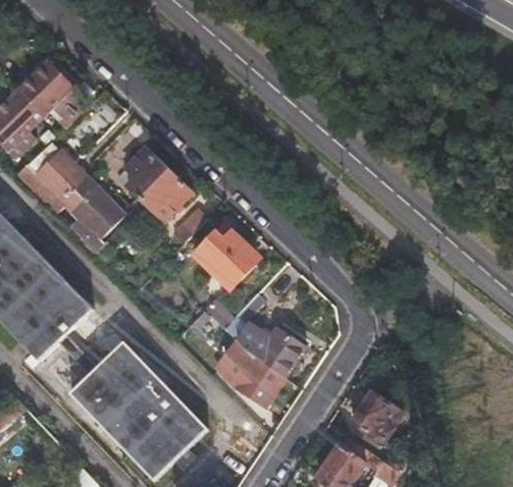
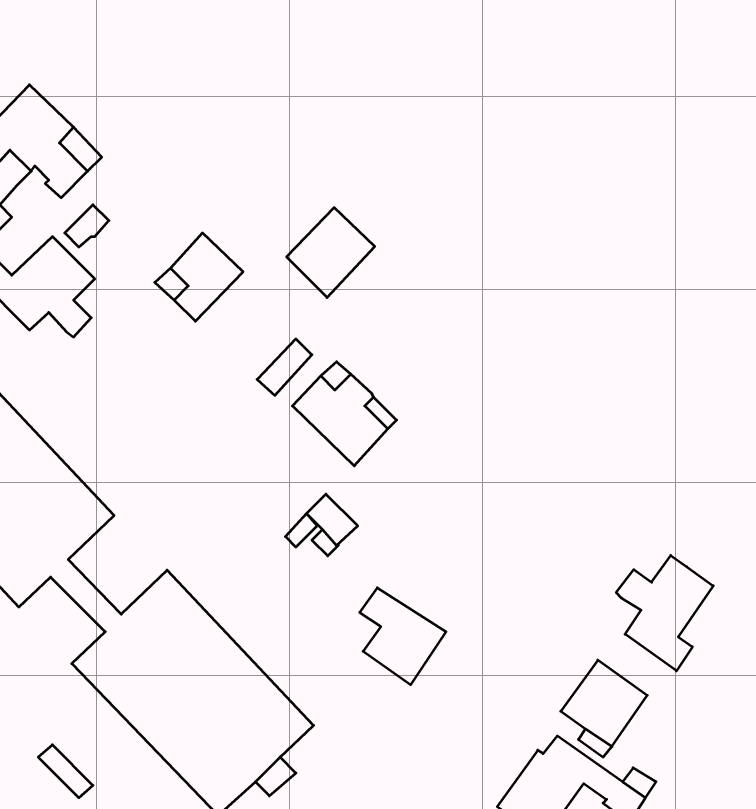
building: [141,168,192,220] -> [287,208,375,298]
building: [68,172,122,252] -> none
building: [225,295,305,376] -> none
building: none -> [616,555,713,671]

